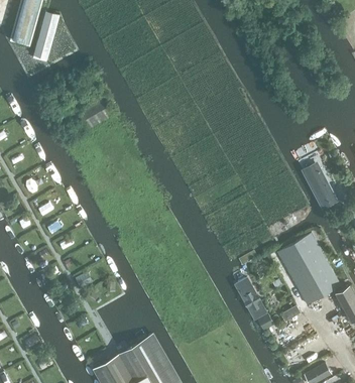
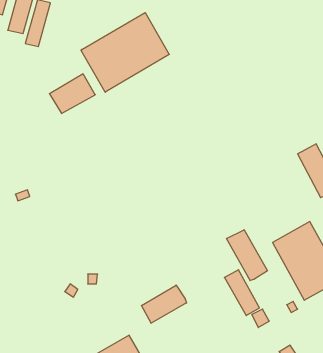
building: none -> [81,13,169,92]
building: none -> [227,230,267,281]
building: none -> [142,285,187,323]

